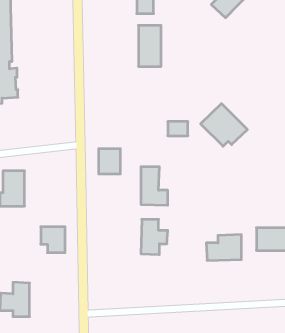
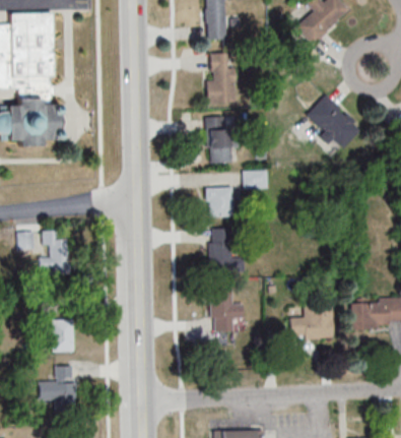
building: none -> [209,117,237,163]
building: [201,104,247,146] -> [303,95,359,146]
building: [99,149,120,174] -> [207,187,233,217]
building: [41,227,65,253] -> [46,320,75,352]

